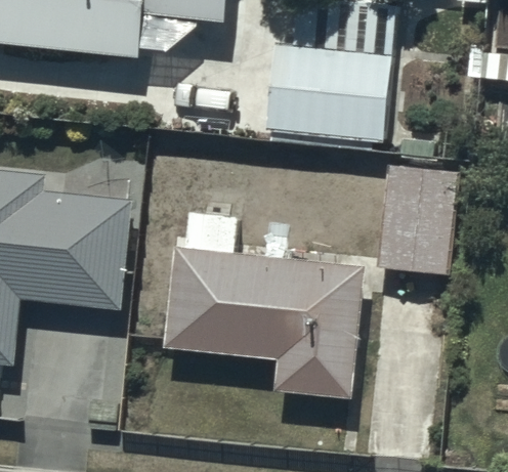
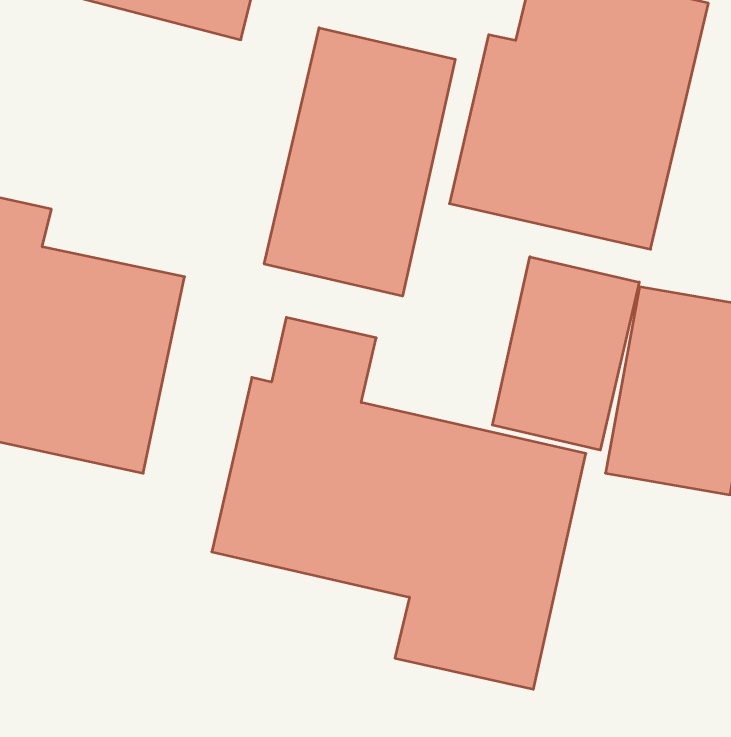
building: none -> [264,28,455,296]
building: none -> [492,257,639,450]

